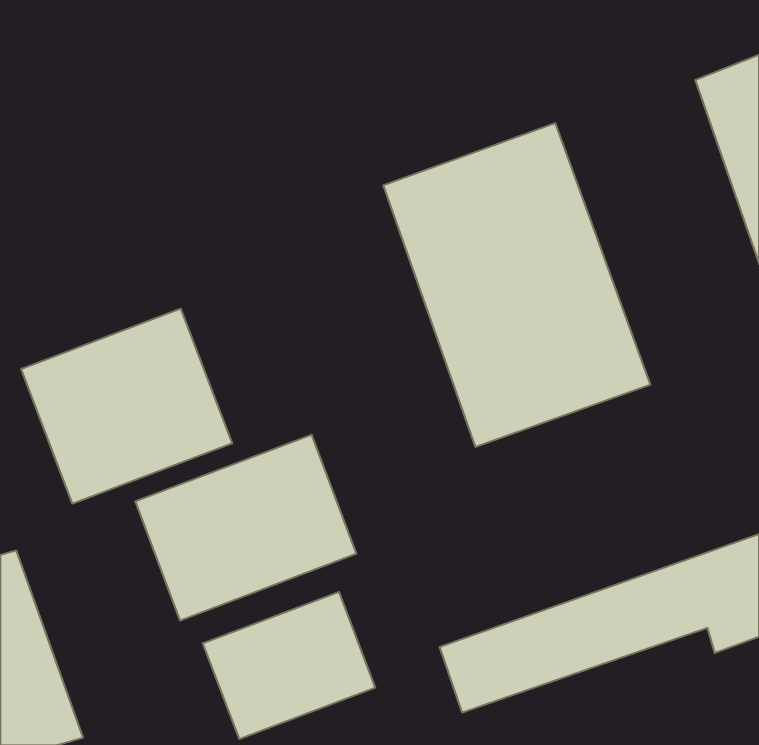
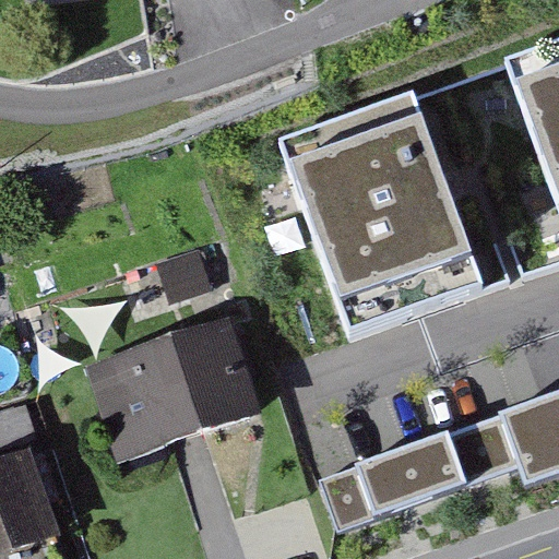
building: [21,309,232,504] -> none
building: [203,592,375,739] -> none

